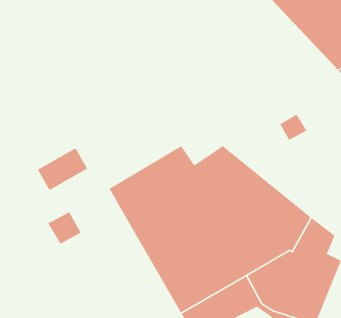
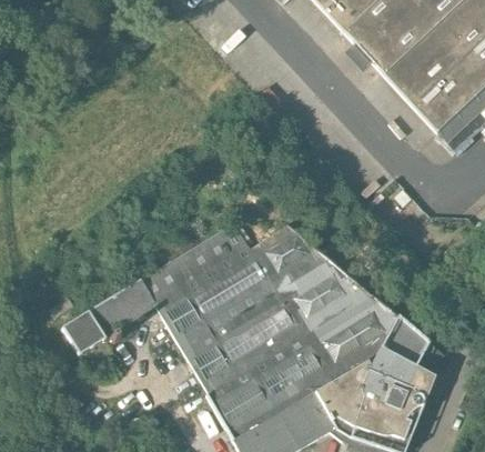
building: [279,114,307,141] -> none
building: [37,147,88,191] -> [92,282,158,339]

